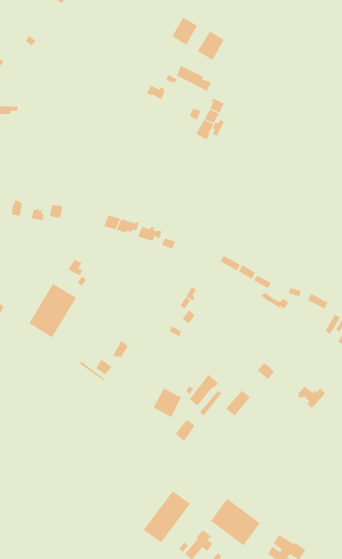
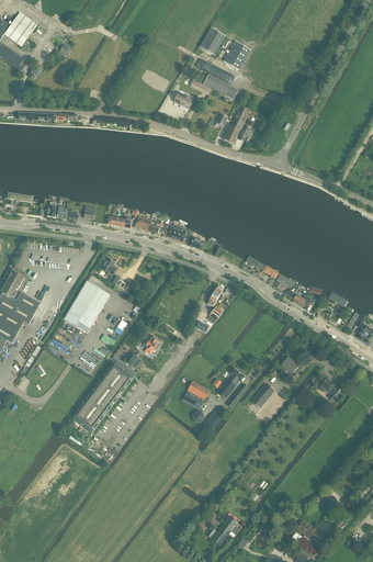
building: none -> [72,362,133,430]
building: [143,490,191,543] -> none
building: [210,498,261,546] -> none

